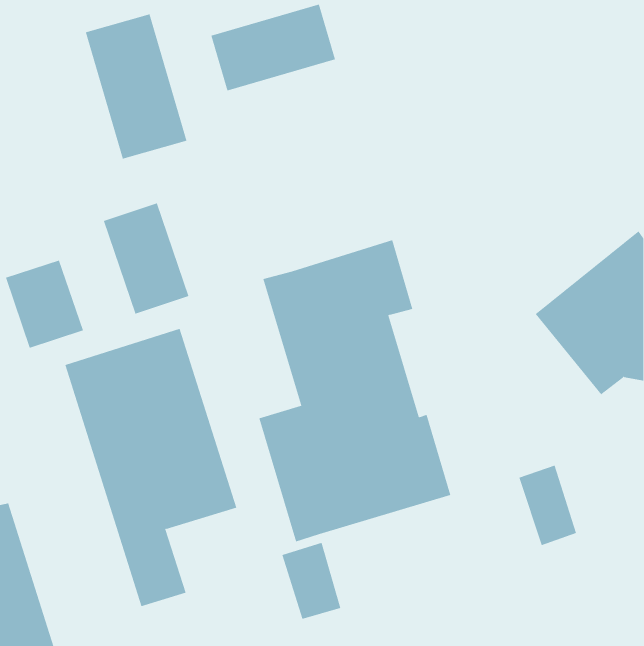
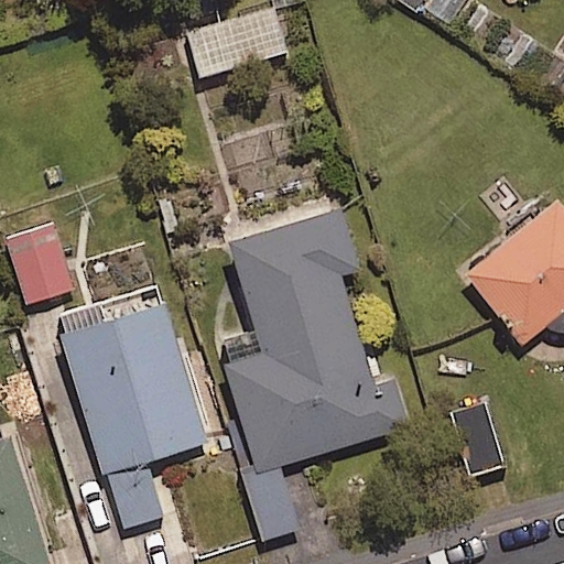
building: [85,13,187,160] -> none
building: [103,202,189,315] -> none

